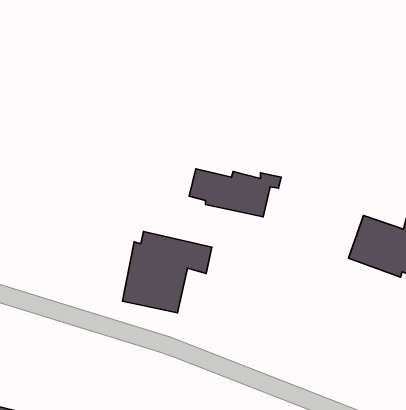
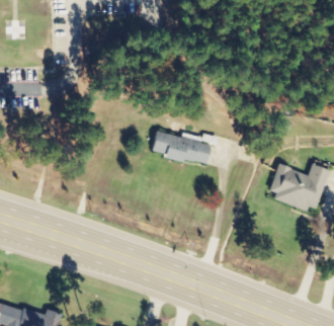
building: [123,231,212,313] -> none

